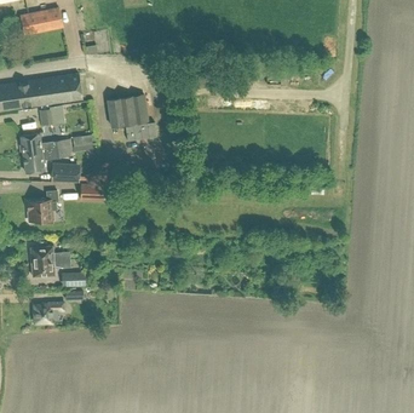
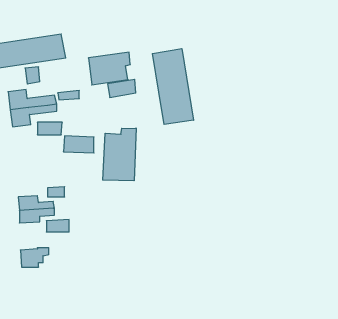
building: none -> [152,49,194,124]
building: none -> [103,128,136,181]
building: [27,191,58,224] -> none

